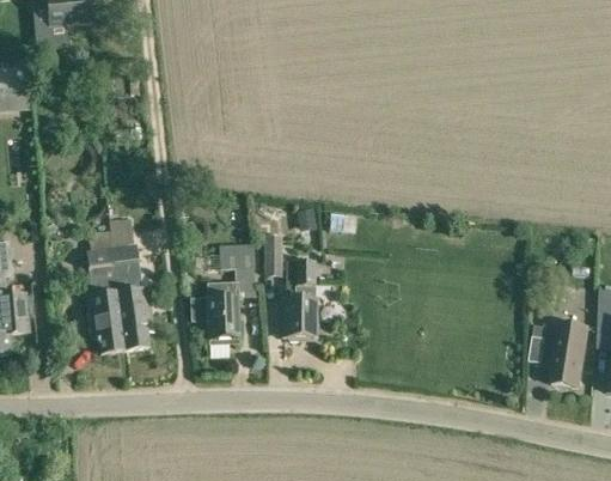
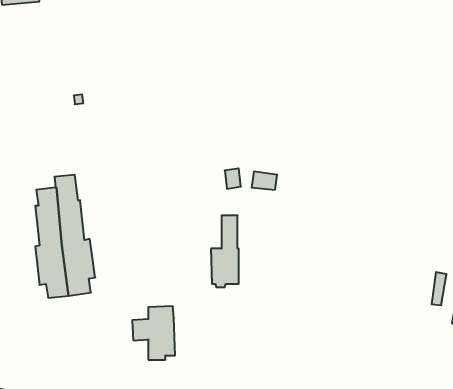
building: [263,235,282,275] -> none
building: [216,242,255,269] -> none
building: [190,284,238,343] -> [132,306,175,360]

